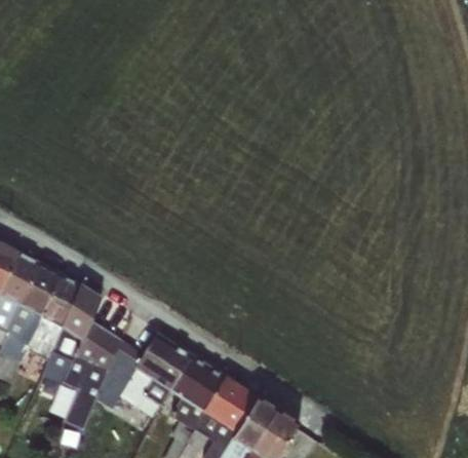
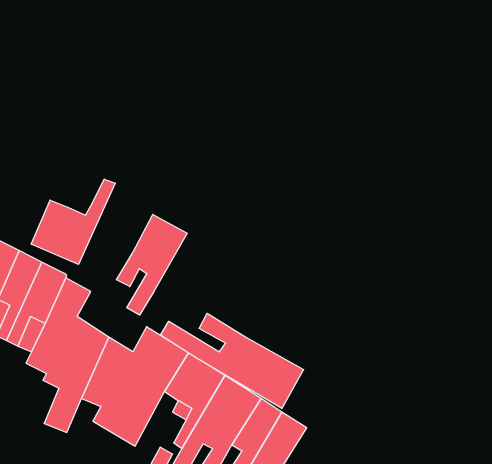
building: none -> [31,179,115,264]
building: none -> [116,214,187,315]
building: none -> [160,313,304,409]

